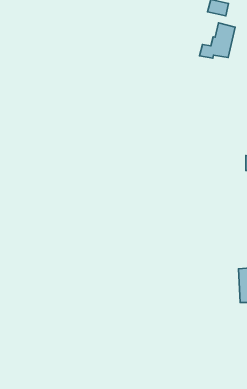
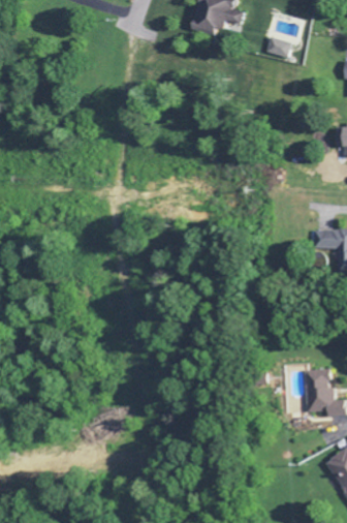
building: [200,23,235,58] -> none

